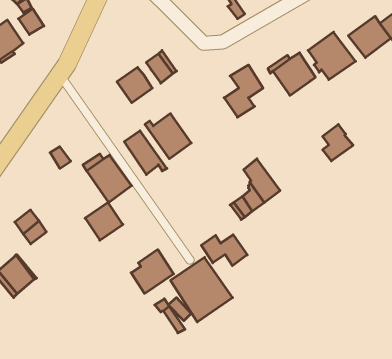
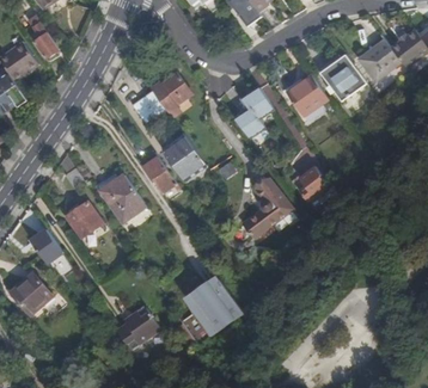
building: [323,124,353,161] -> [298,166,328,202]
building: [85,202,123,240] -> [65,201,102,238]
building: [201,235,247,266] -> none
building: [131,250,174,293] -> [117,307,159,350]

